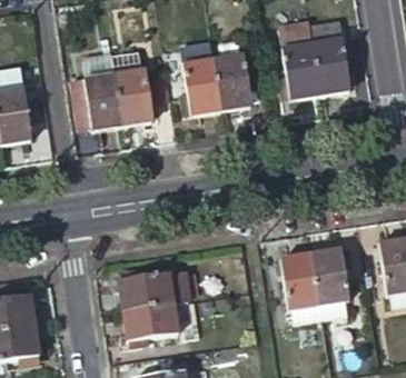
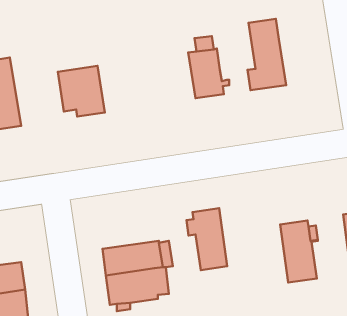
building: [313,23,351,97] -> none
building: [181,61,221,116] -> none
building: [115,71,152,127] -> none
building: [278,249,323,317] -> [186,208,227,270]

